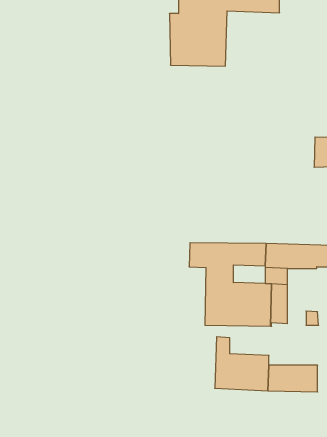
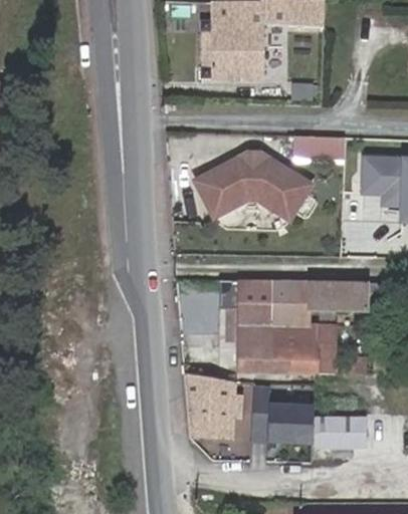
building: none -> [293,134,345,157]
building: none -> [191,151,314,225]
building: none -> [184,374,242,441]

